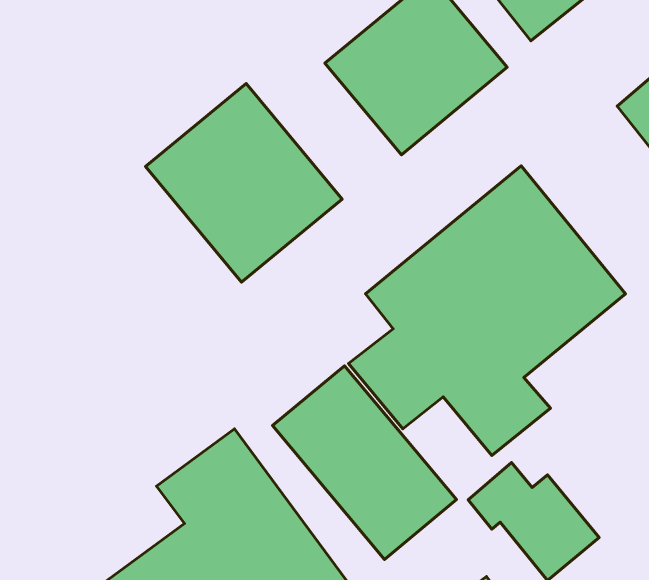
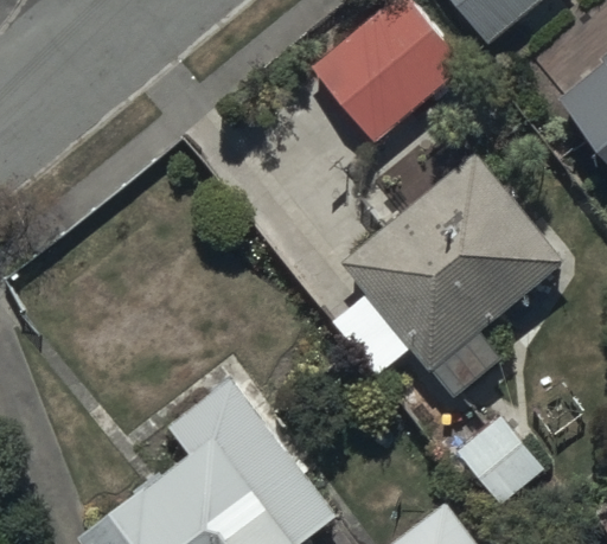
building: [146,83,342,282] -> none
building: [272,366,457,559] -> none

